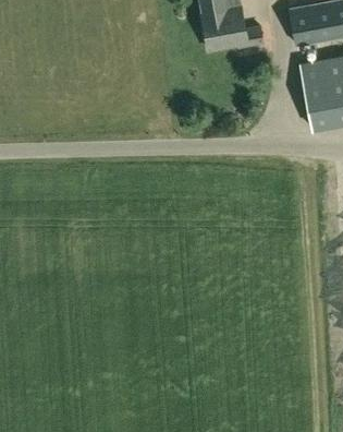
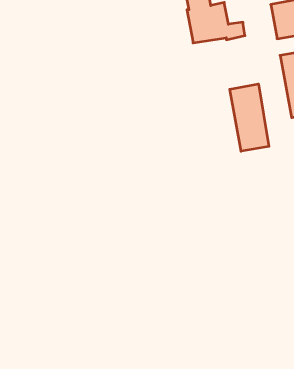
building: none -> [230,84,269,151]

